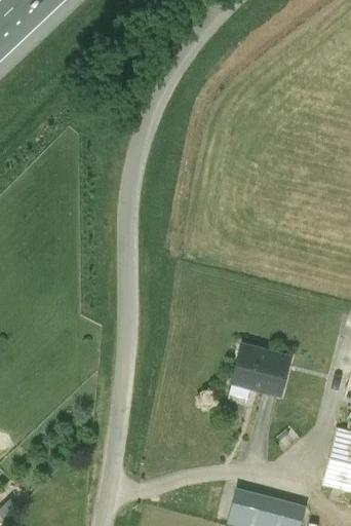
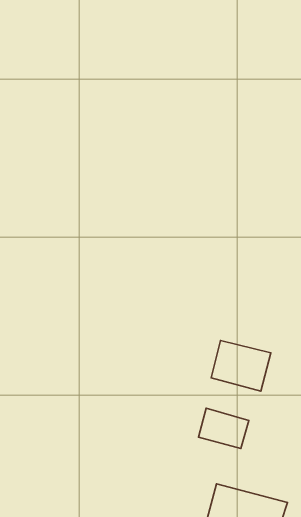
building: none -> [198,408,249,448]

